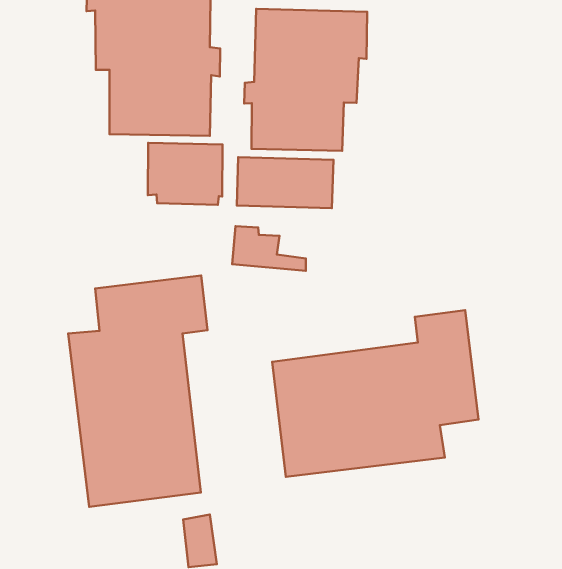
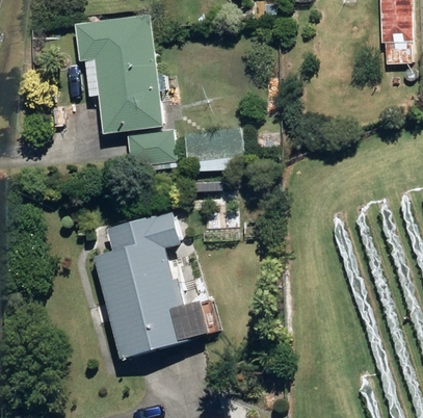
building: [244,9,367,151] -> none
building: [272,310,478,477] -> none

